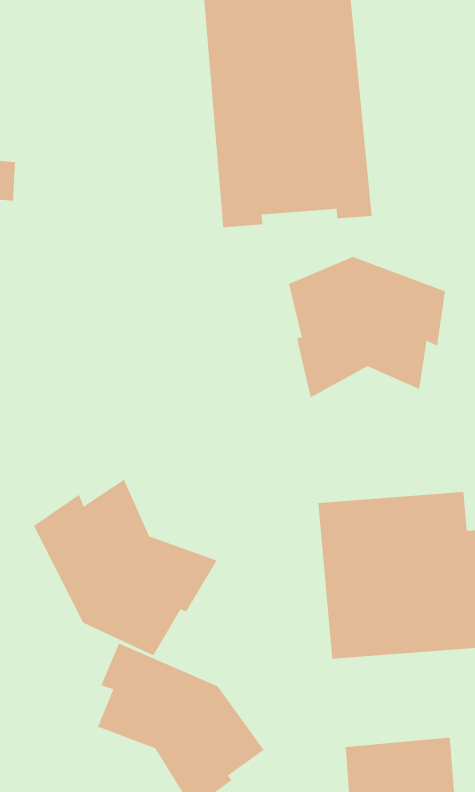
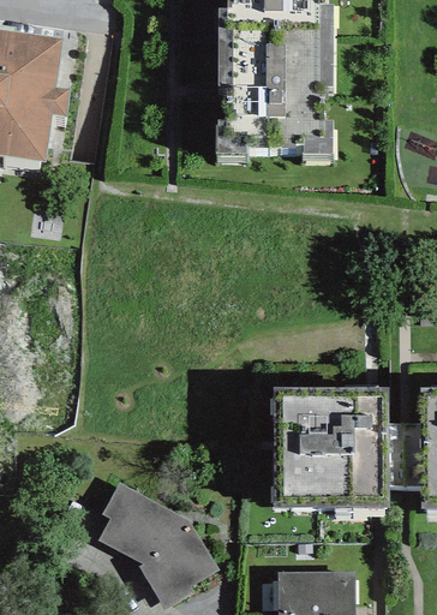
building: [288,256,445,398] -> none
building: [33,479,217,656] -> none

